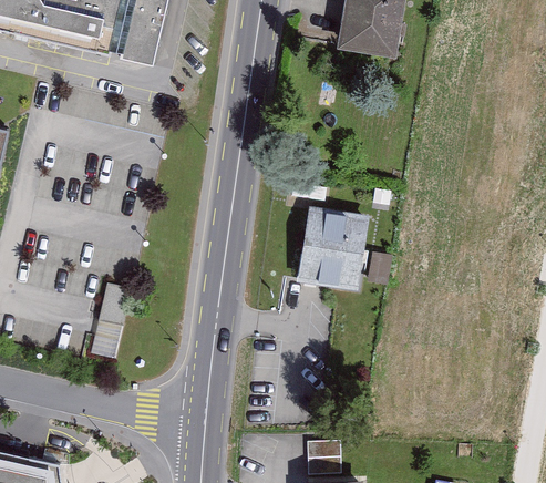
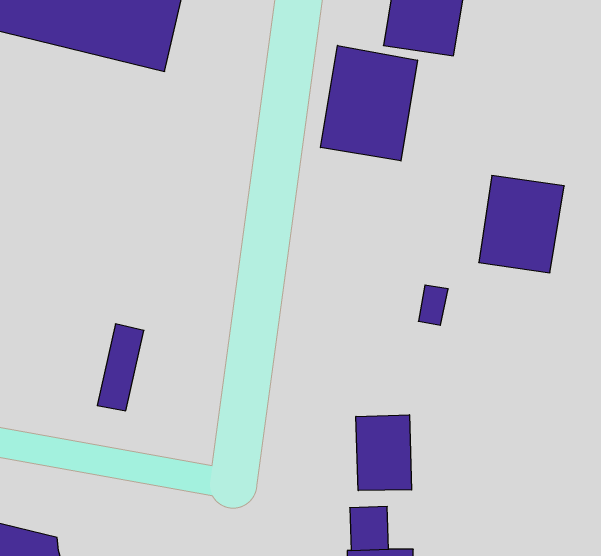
building: none -> [321,45,417,161]
building: [297,205,370,288] -> [479,176,564,273]
building: none -> [356,415,412,491]

